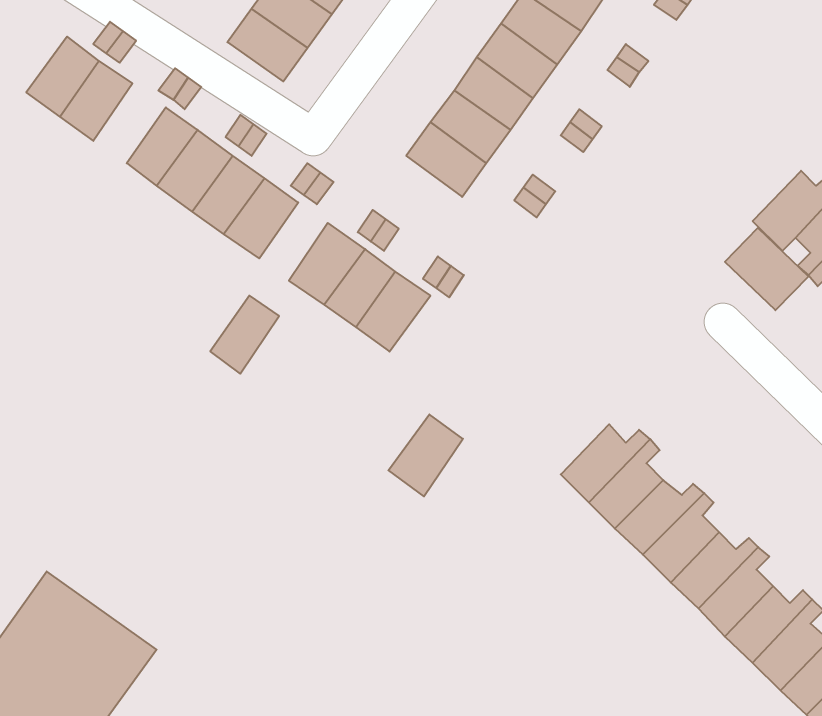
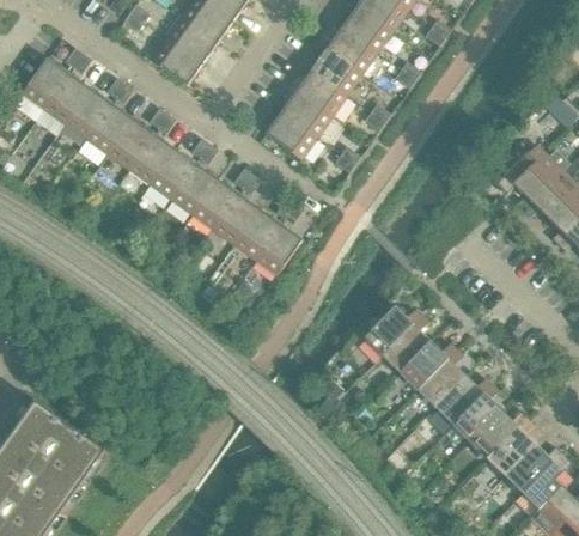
building: none -> [63,87,110,139]
building: [725,228,808,310] -> none
building: [210,296,279,374] -> [170,164,214,214]
building: [388,414,463,496] -> [254,224,301,276]

